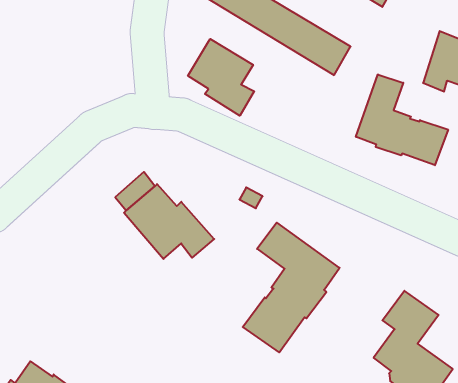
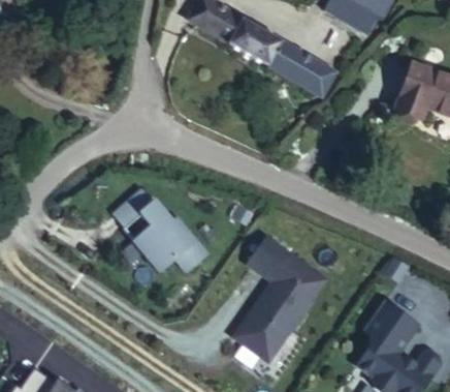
building: [188,39,254,116] -> none
building: [356,74,448,165] -> none

